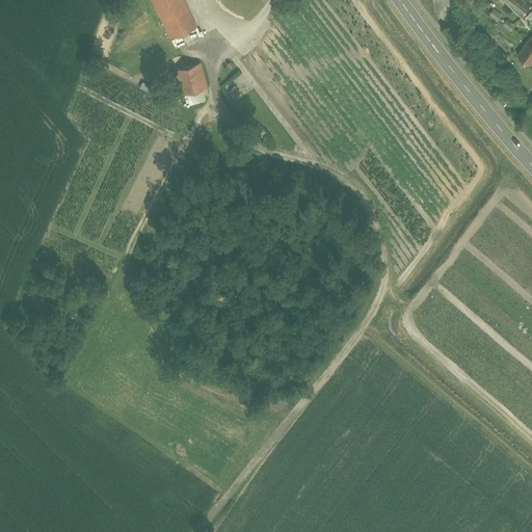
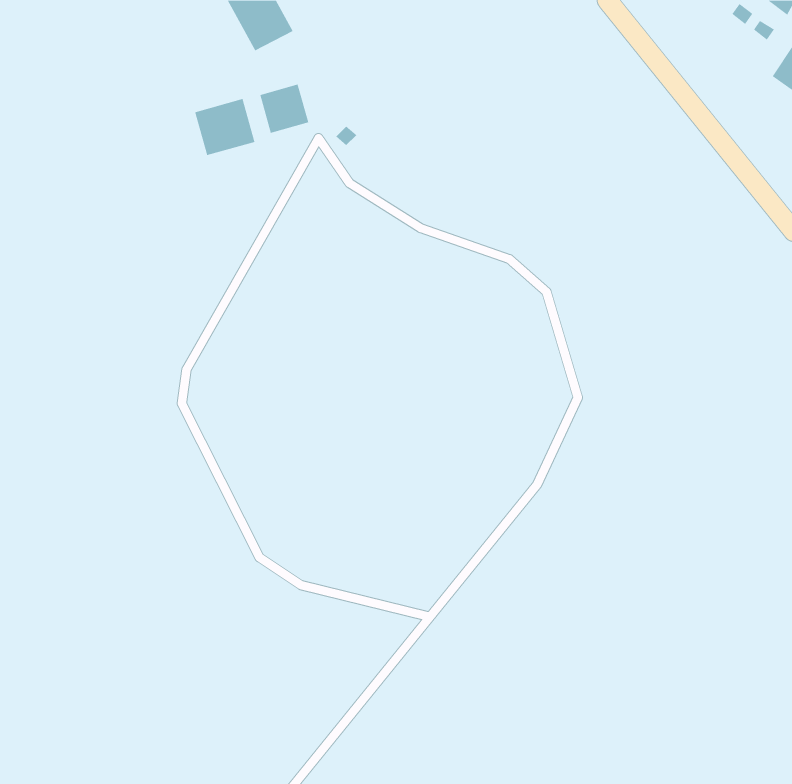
building: none -> [194,98,255,156]

